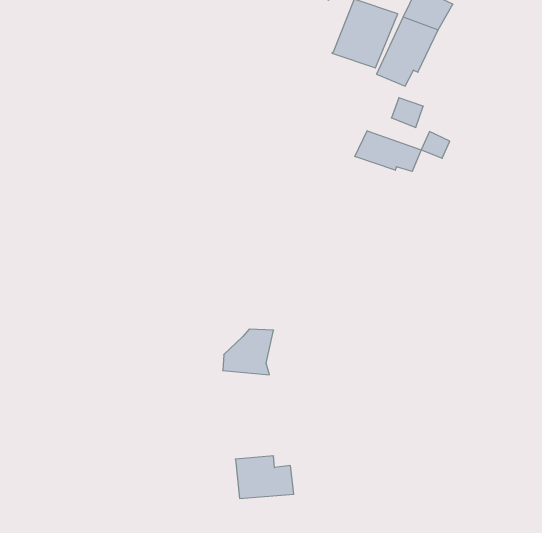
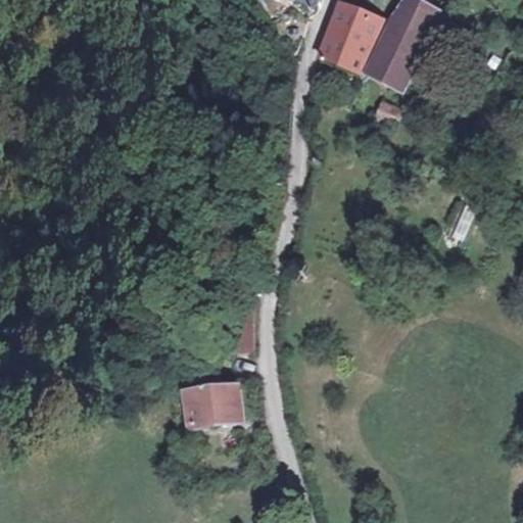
building: [355,131,421,171] -> none
building: [235,456,294,498] -> [184,388,240,429]

